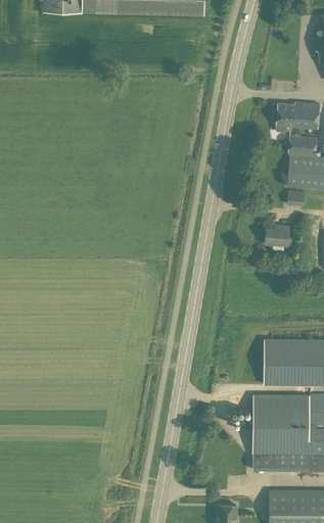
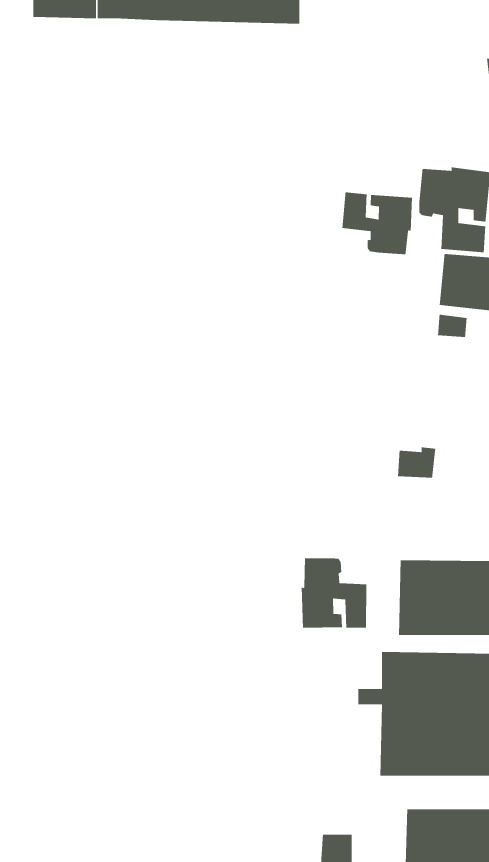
building: none -> [342,191,413,255]
building: [266,226,289,245] -> [397,446,436,479]
building: none -> [301,557,367,629]

